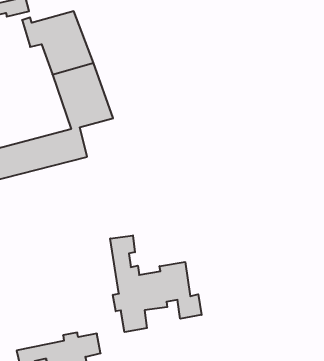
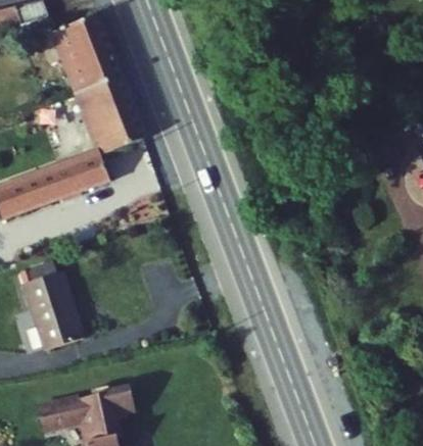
building: none -> [22,260,87,347]
building: [110,235,202,332] -> none

